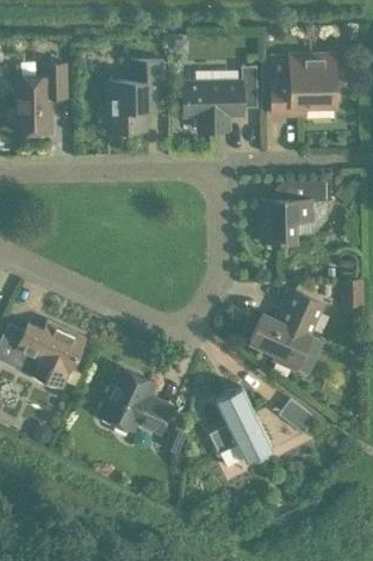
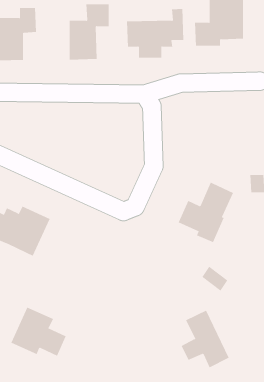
building: [256,182,330,242] -> none
building: [99,369,172,434] -> [10,307,67,357]
building: [209,388,272,463] -> [181,310,230,368]

